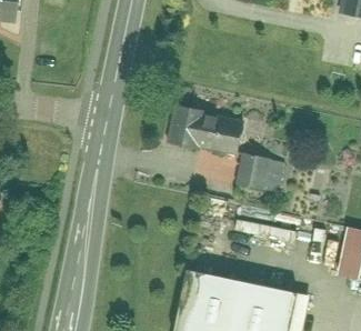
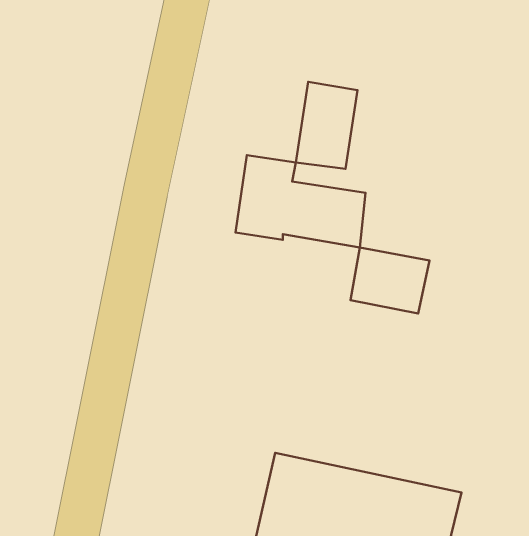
building: none -> [296,82,357,169]

